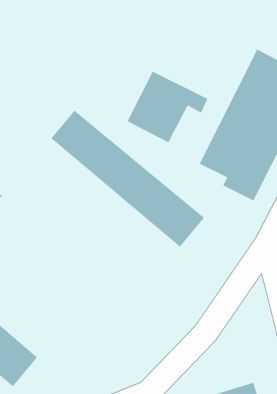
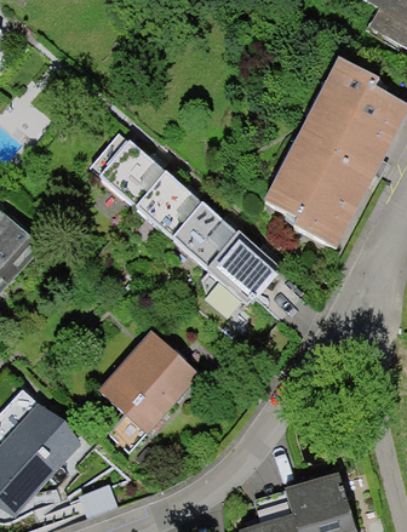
building: [127,71,208,143] -> none
building: none -> [97,333,196,433]

